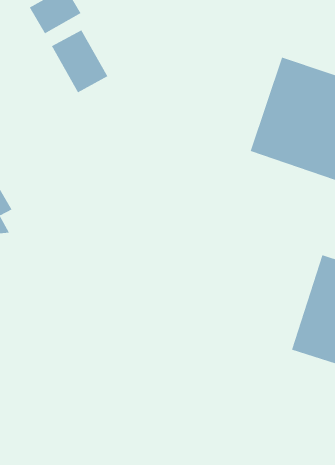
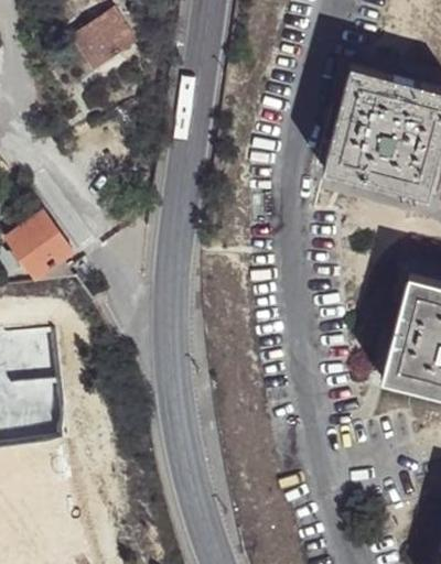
building: [51,29,108,93] -> none

